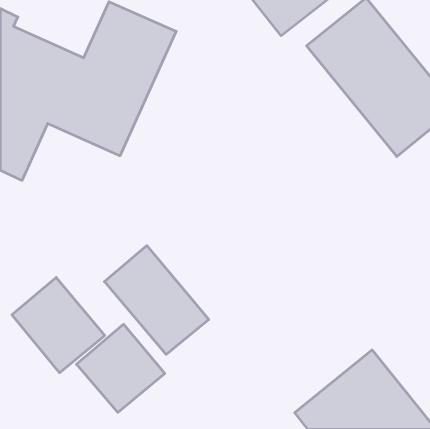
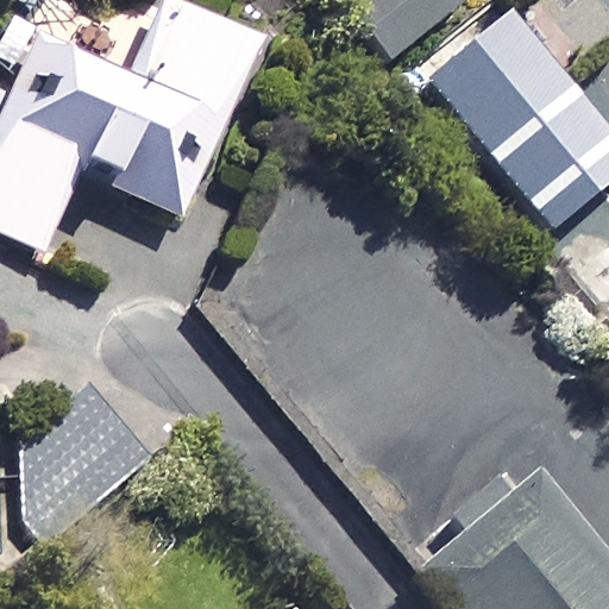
building: [104,246,209,354] -> none
building: [76,324,165,412] -> none

